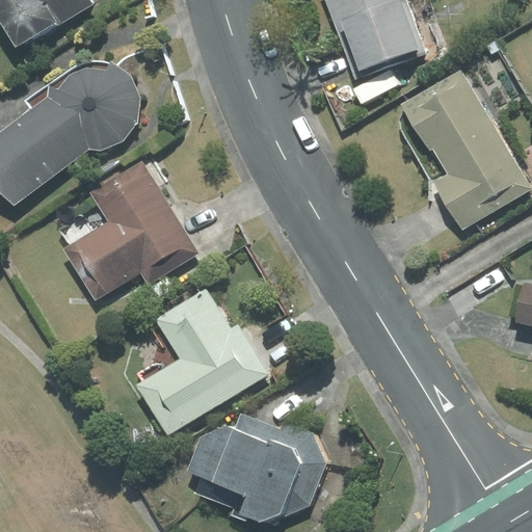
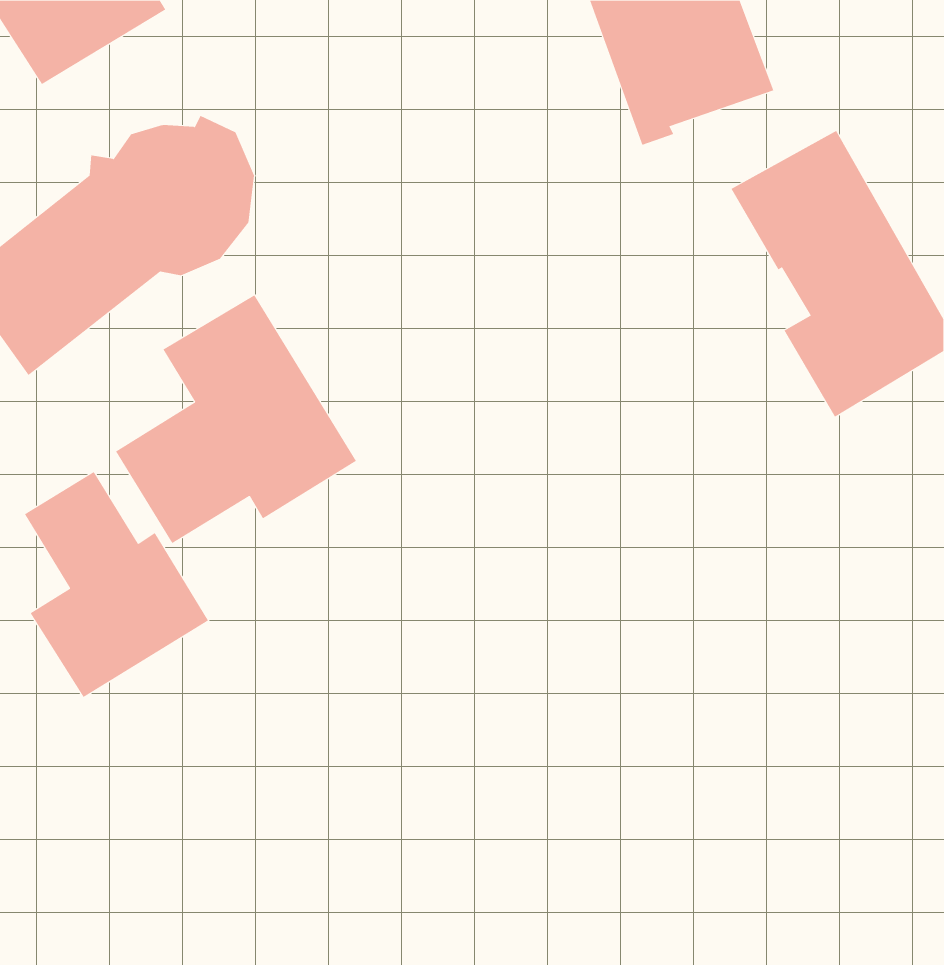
building: none -> [24,471,209,698]
building: [136,288,266,435] -> none
building: [188,414,325,520] -> none

